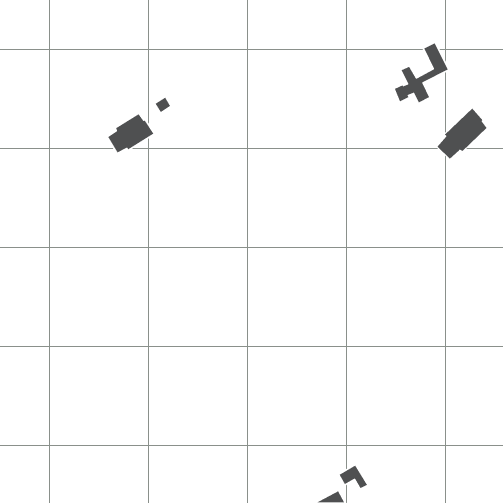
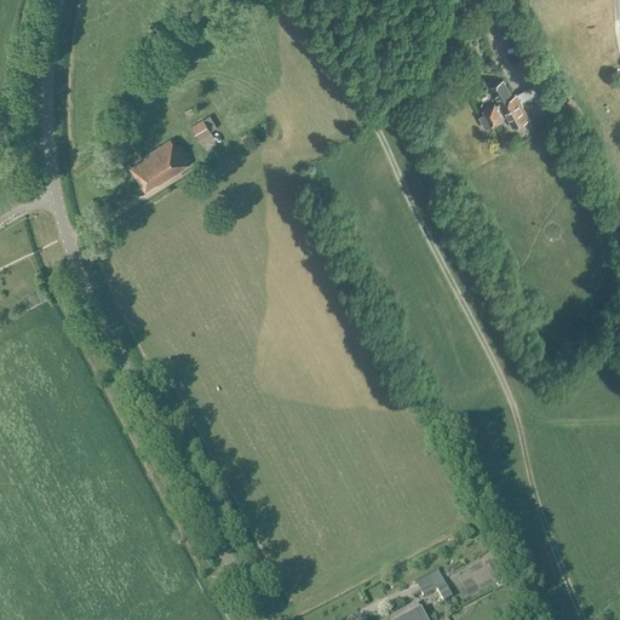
building: [436,108,488,160] -> none

